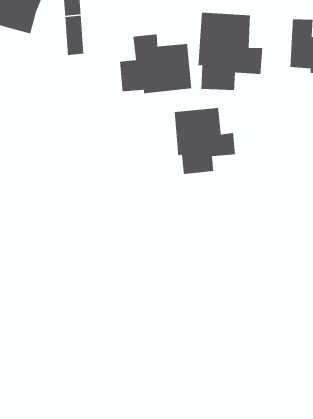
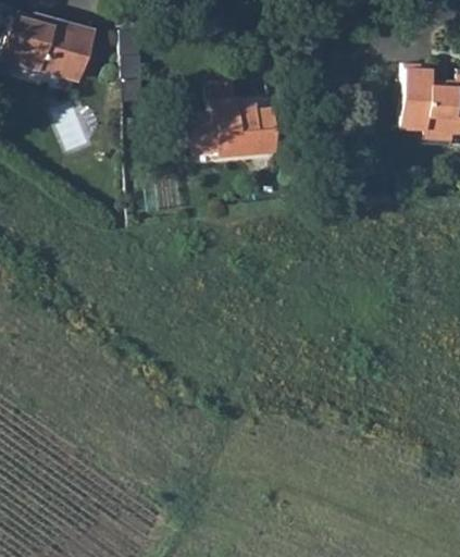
building: [198,12,263,91] -> none
building: [174,107,236,175] -> none

